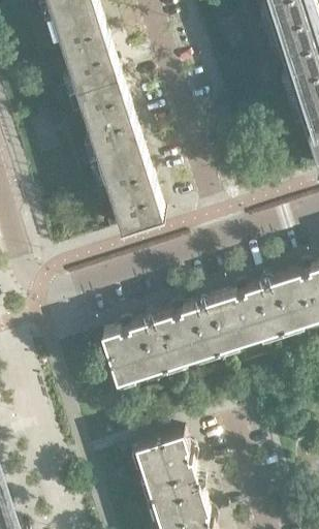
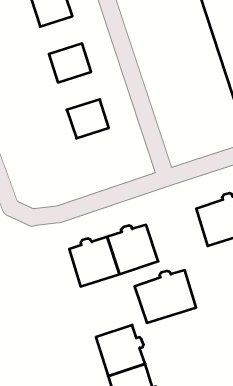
building: [65,41,119,90] -> none
building: [88,113,141,161] -> none
building: [111,184,165,234] -> none
building: [200,287,279,354] -> [135,270,196,323]

